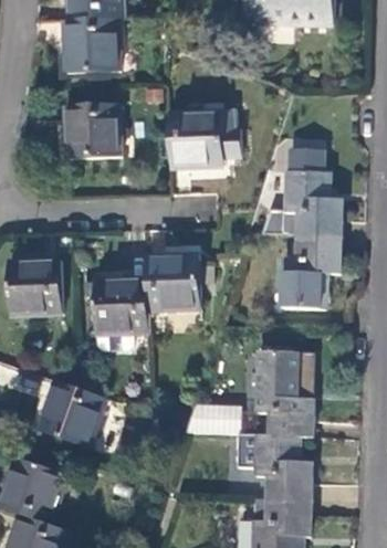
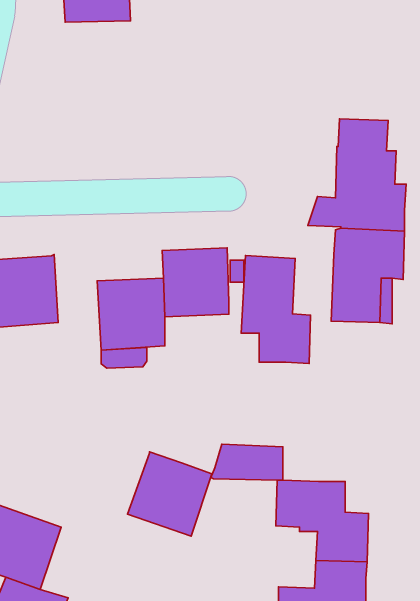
building: [64,101,119,155] -> none
building: [168,105,240,162] -> none
building: [257,351,312,438] -> [241,256,310,364]
building: [36,379,104,446] -> [127,452,212,536]

